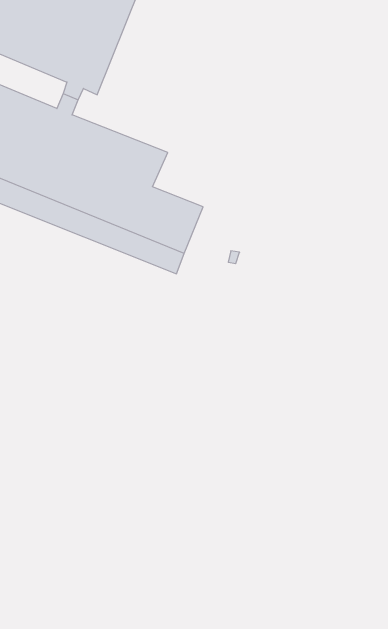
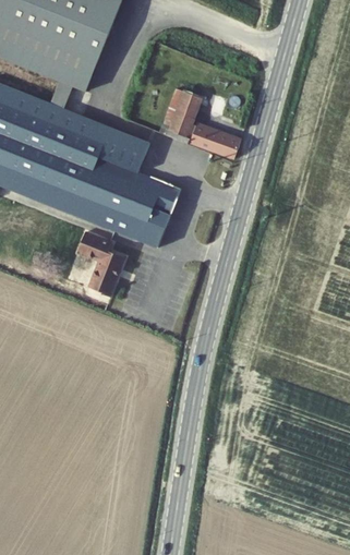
building: none -> [166,85,232,157]
building: none -> [72,230,119,295]

